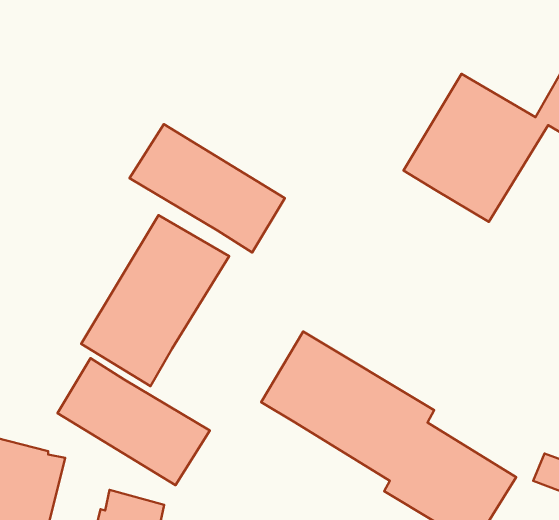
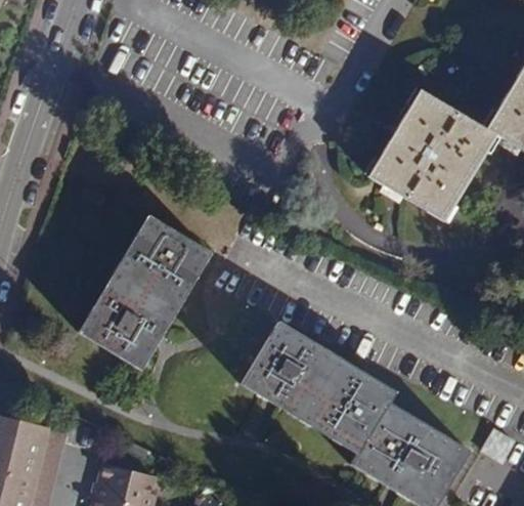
building: [130,124,285,252] -> none
building: [57,358,210,485] -> none

